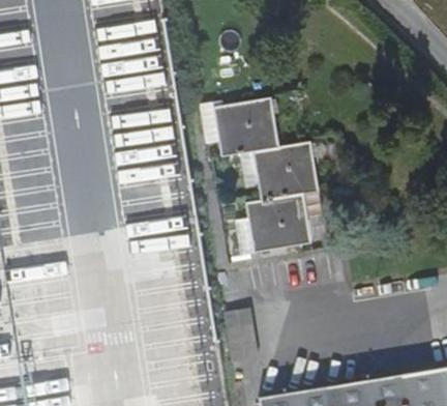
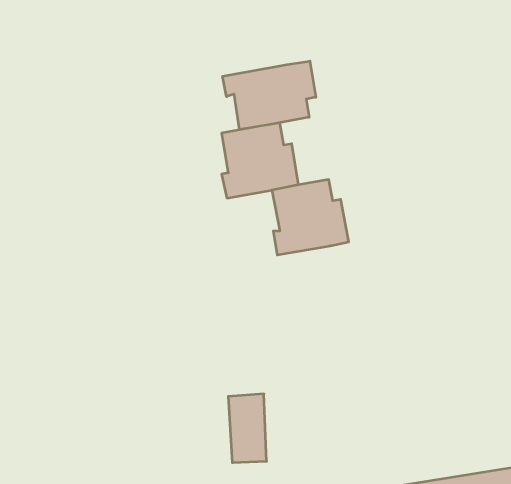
building: none -> [223,61,316,129]
building: [245,194,309,252] -> none

